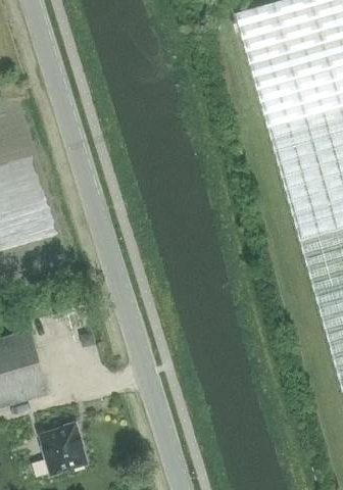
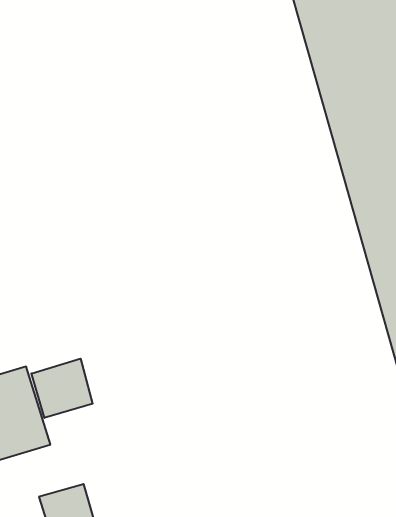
building: none -> [31,359,93,418]

